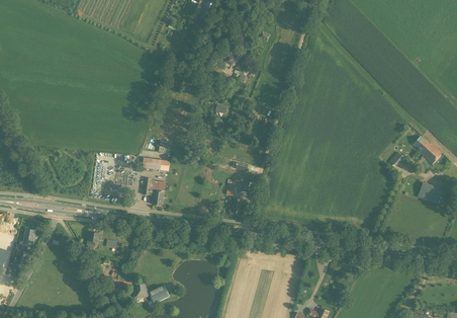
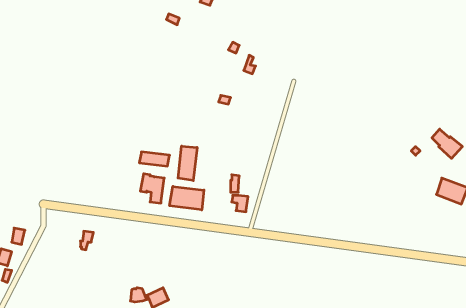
building: none -> [178,146,197,181]
building: none -> [170,186,204,210]

